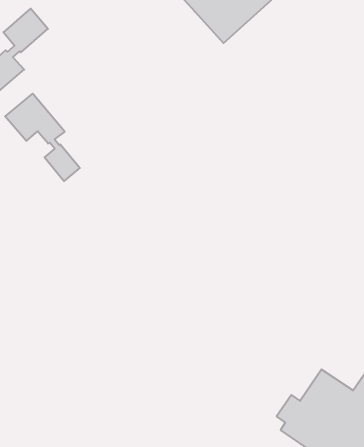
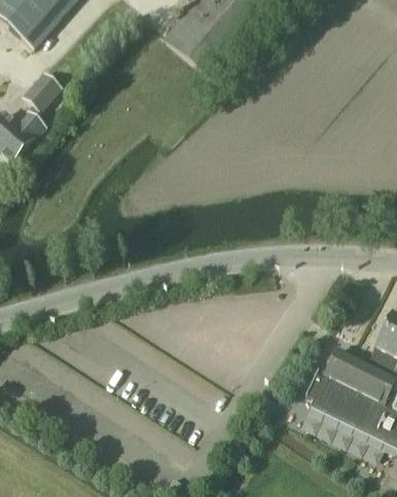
building: [5,94,80,181] -> none

